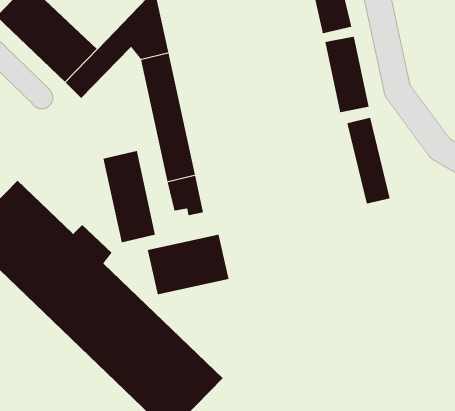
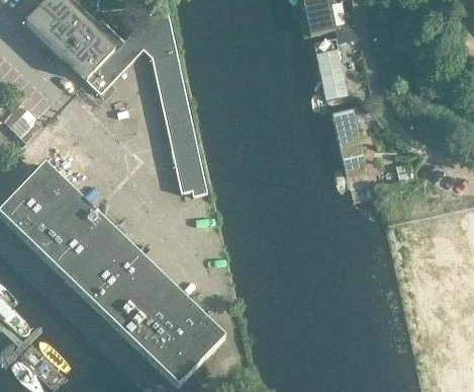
building: [103,150,156,243] -> none
building: [147,234,229,295] -> none

